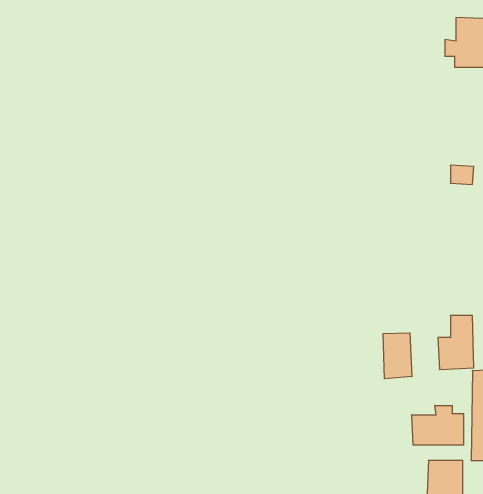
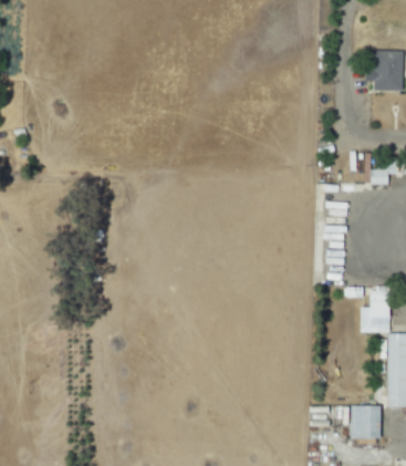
building: [383,333,412,379] -> none
building: [412,405,464,445] -> none

